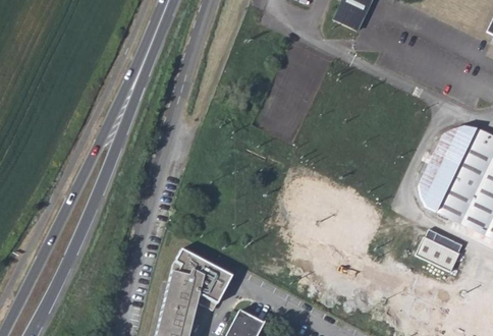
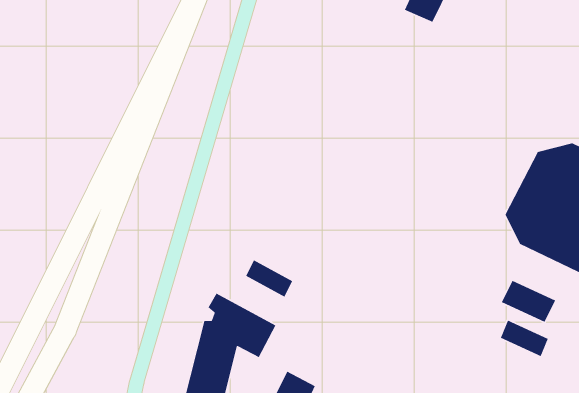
building: none -> [245,259,293,298]
building: none -> [500,320,549,357]

